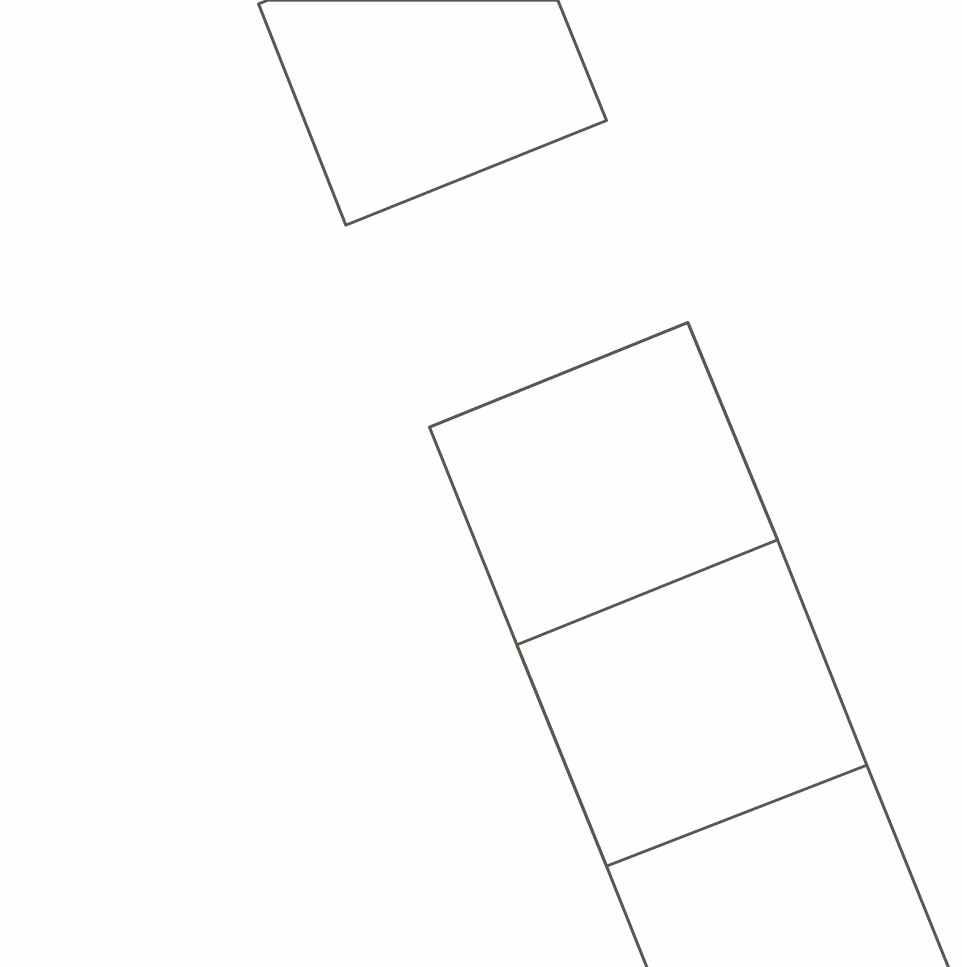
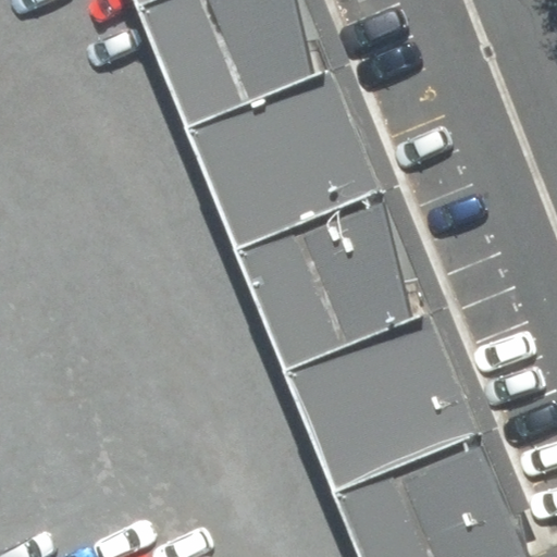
building: none -> [194,82,385,253]

